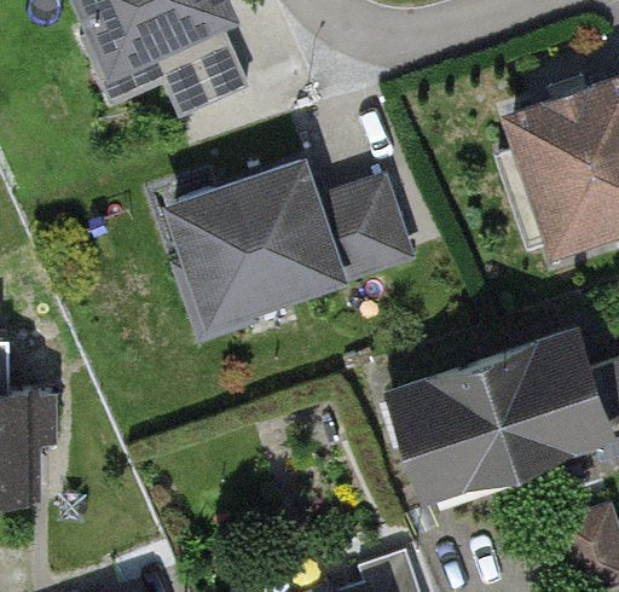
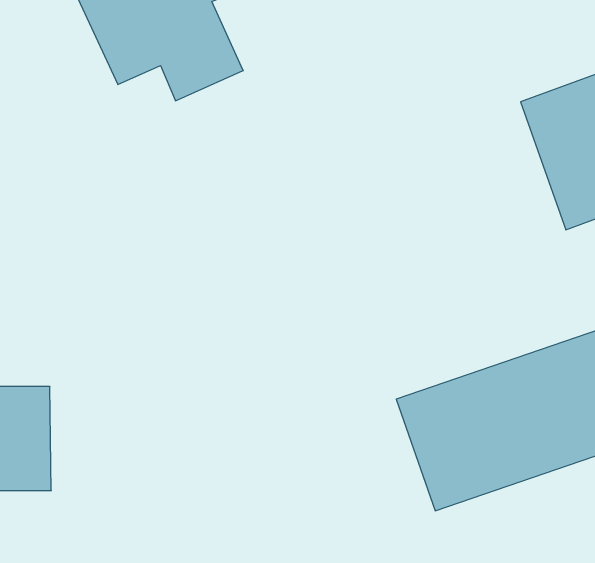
building: [161,152,403,321] -> none

